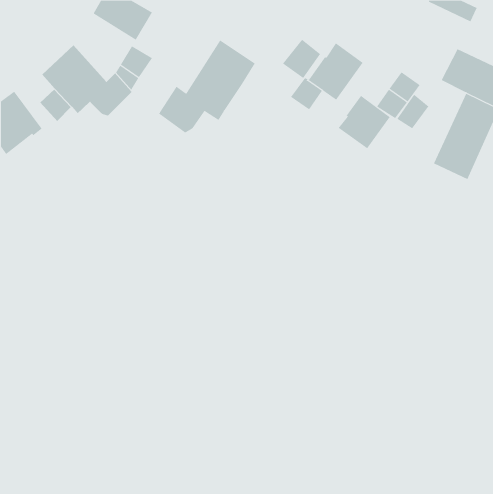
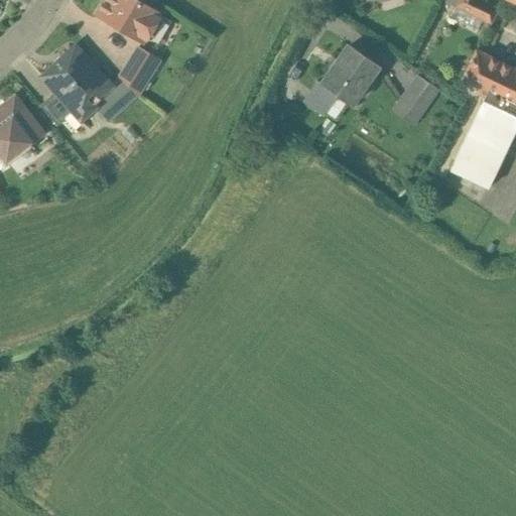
building: [282,39,321,79] -> none
building: [158,40,256,134] -> none
building: [396,94,429,129] -> none
building: [338,95,390,149] -> none

